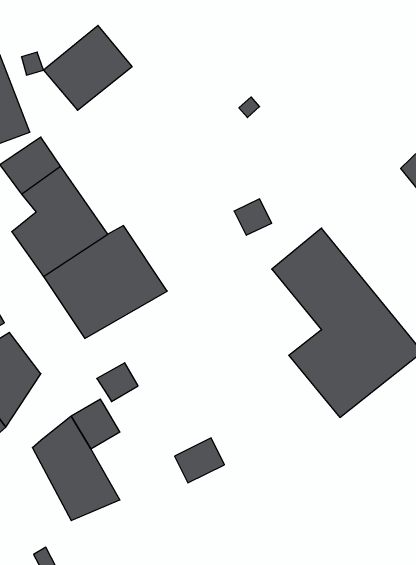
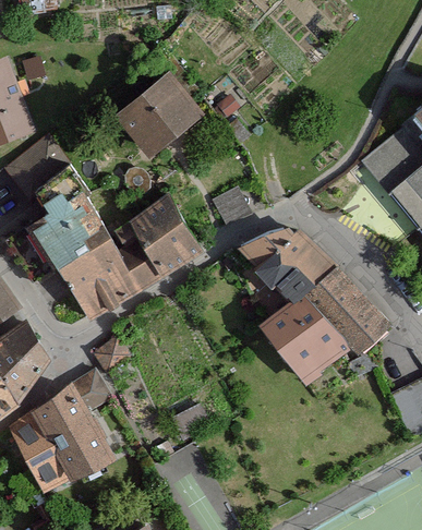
building: [43,25,132,110] -> [120,80,200,156]
building: none -> [117,189,196,274]
building: none -> [11,414,70,493]

